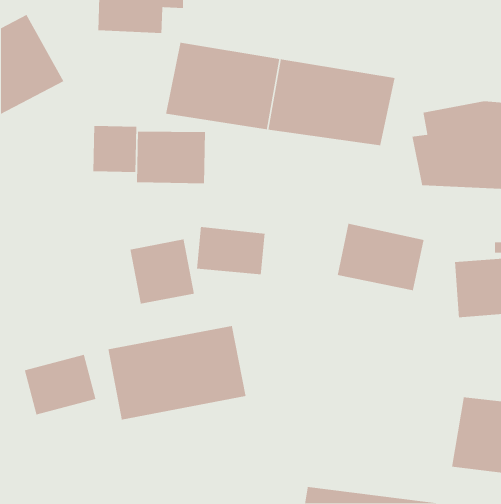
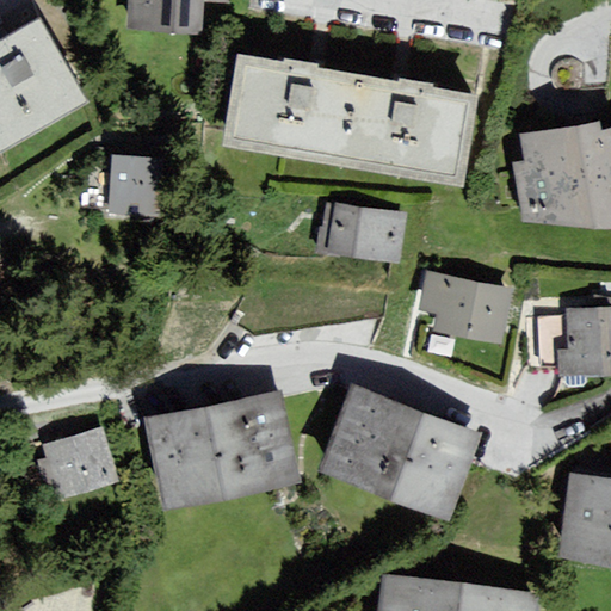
building: [136,131,206,184] -> none
building: [196,226,266,275] -> [327,209,411,267]
building: [130,239,195,305] -> none
building: none -> [316,383,480,523]

